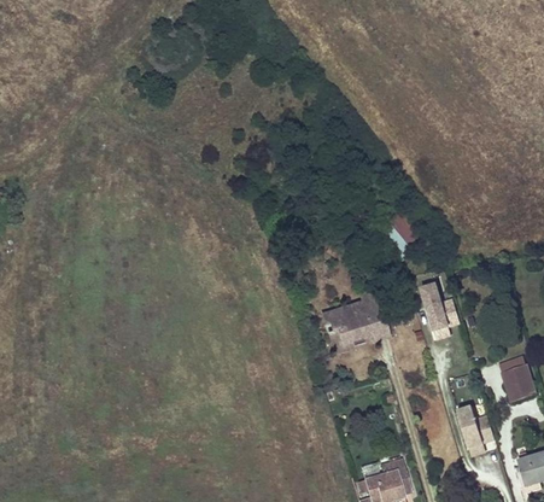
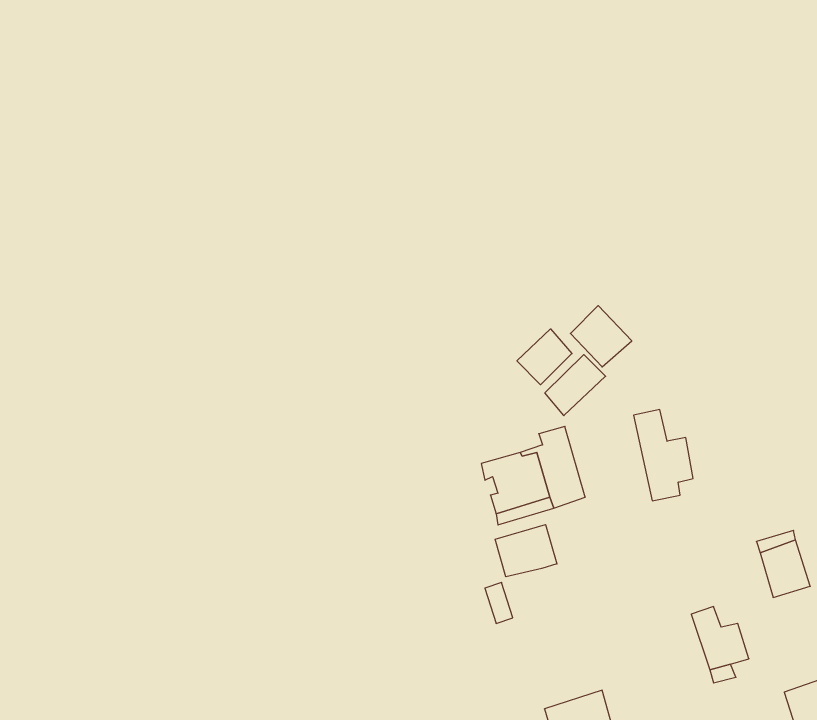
building: none -> [517,329,572,385]
building: none -> [545,355,606,416]
building: none -> [495,525,557,577]

